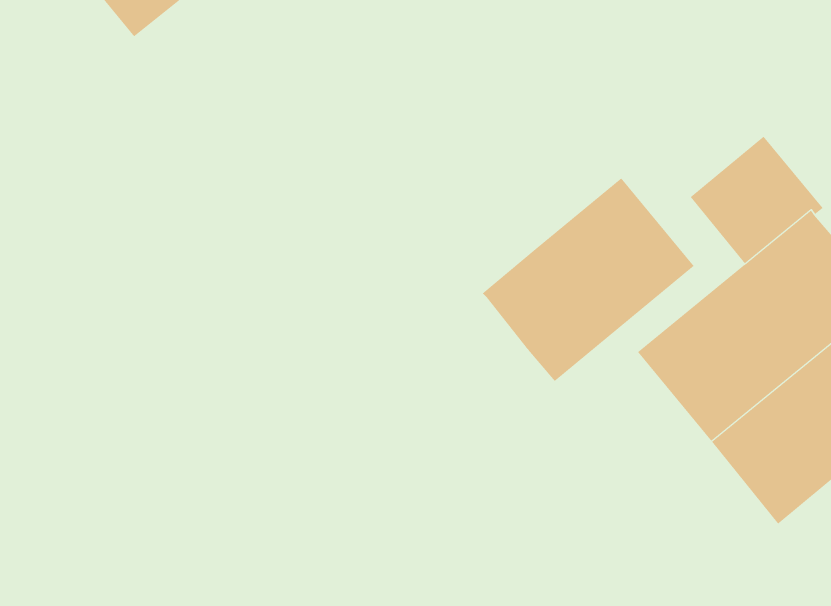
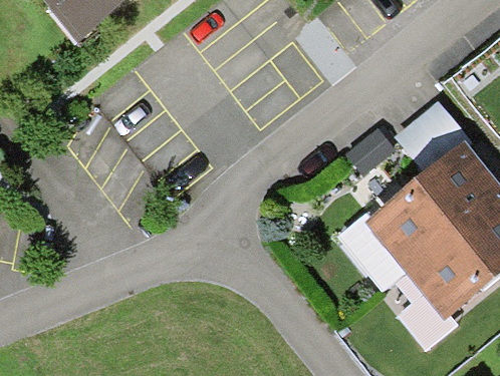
building: [482,177,694,382] -> none

